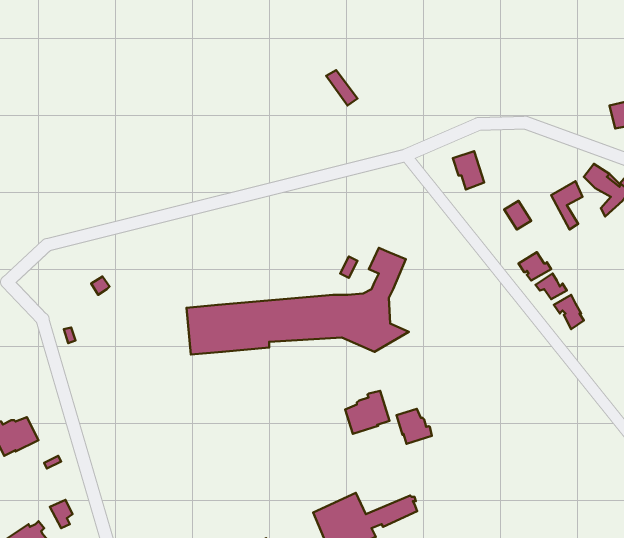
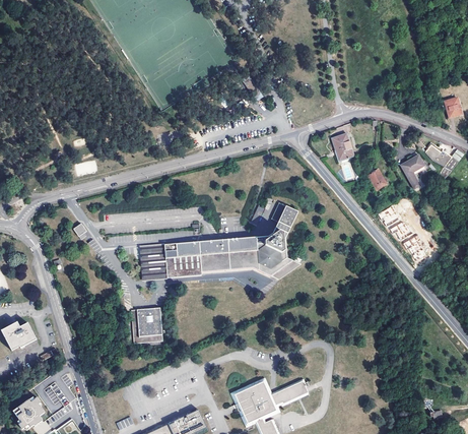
building: [345,391,390,434] -> none
building: none -> [129,306,161,343]
building: [396,409,432,444] -> none

